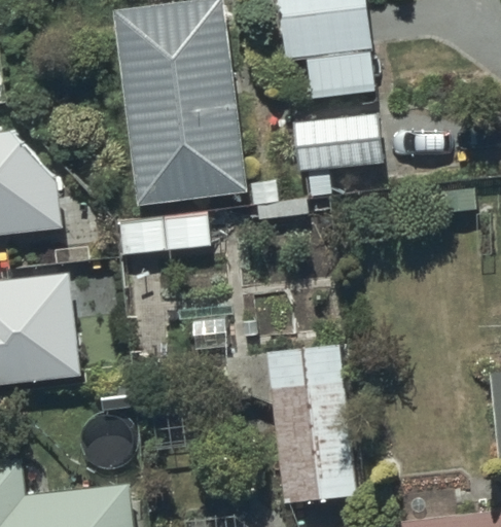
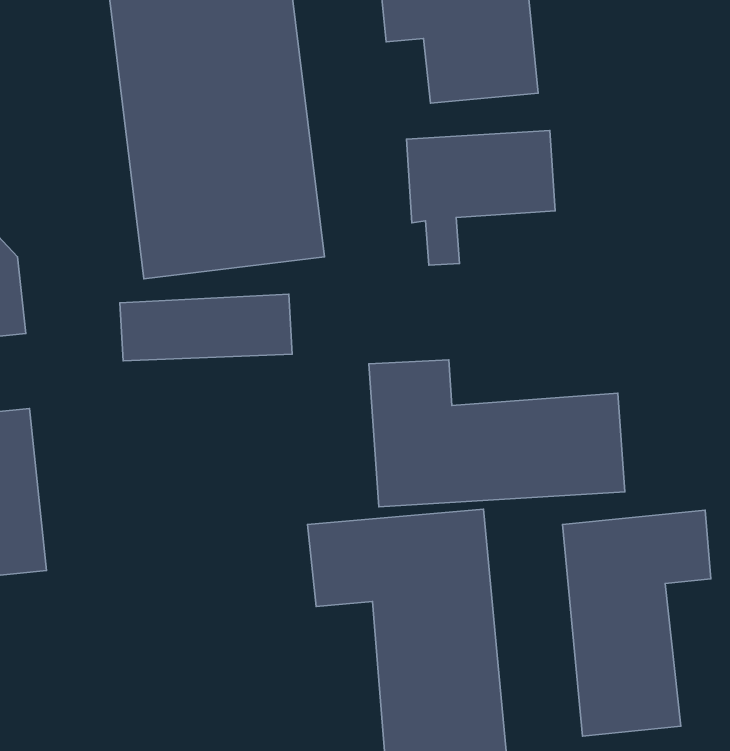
building: none -> [369,360,625,507]
building: none -> [562,510,711,736]

